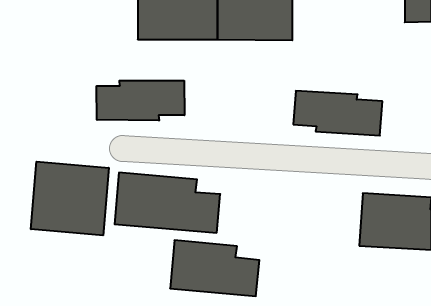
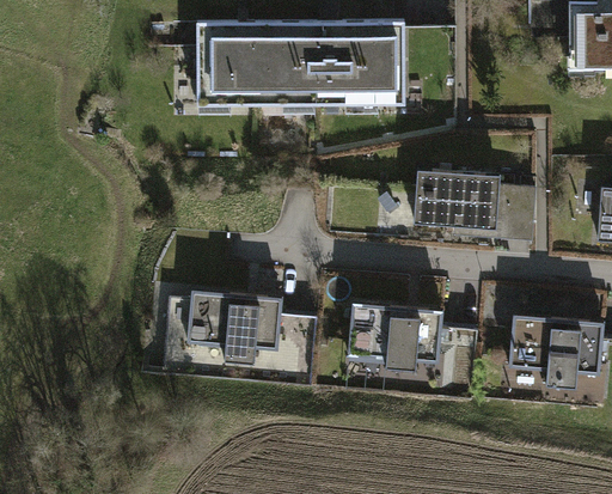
building: [97,81,184,121] -> none
building: [31,162,109,235] -> none
building: [170,240,259,296] -> [353,301,477,379]

